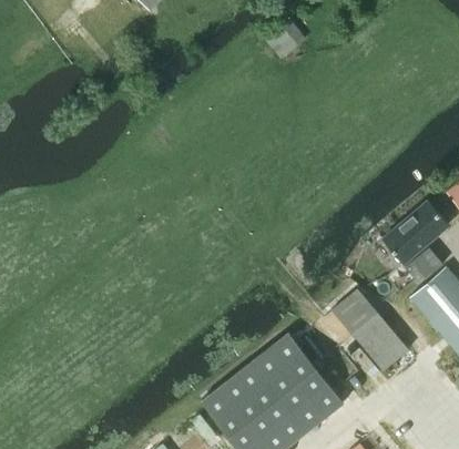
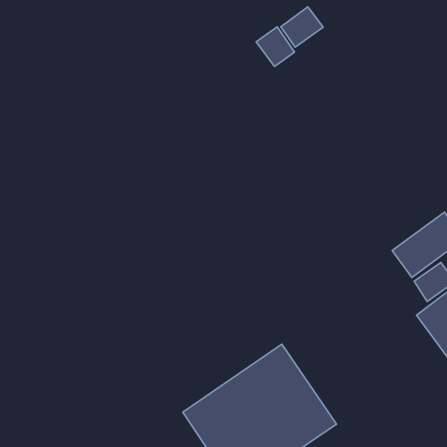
building: none -> [256,27,294,66]
building: [332,289,409,370] -> none

